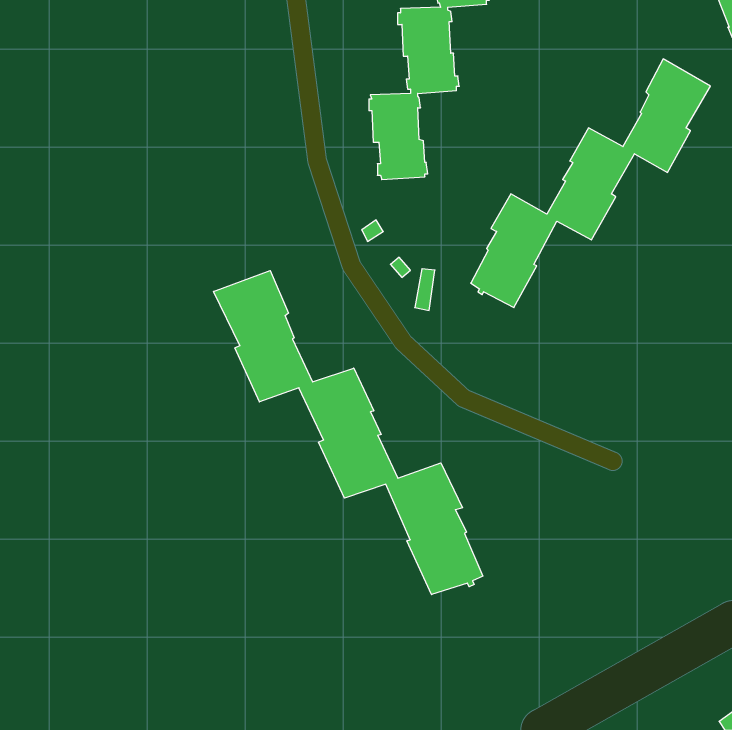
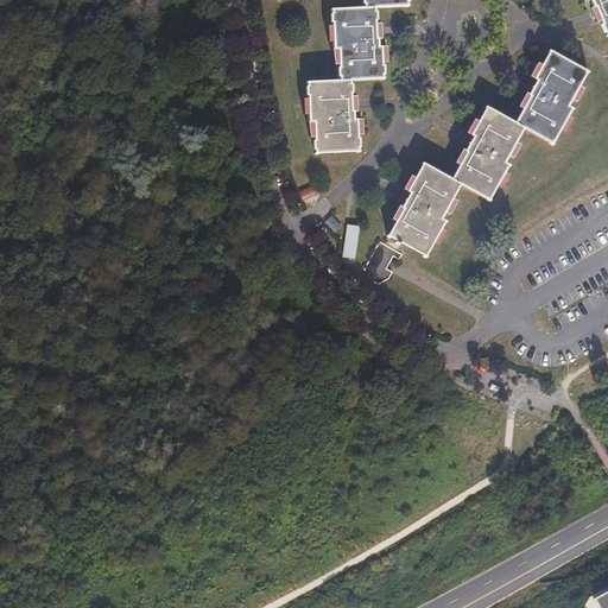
building: [214,271,483,595] -> none
building: none -> [363,239,401,280]

